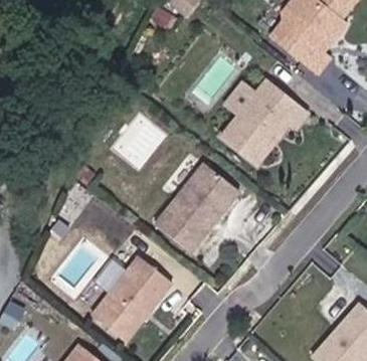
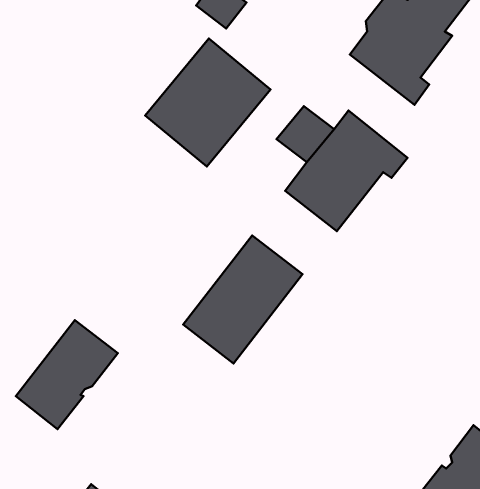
building: none -> [145,39,270,166]
building: [100,261,171,338] -> [16,320,118,429]

